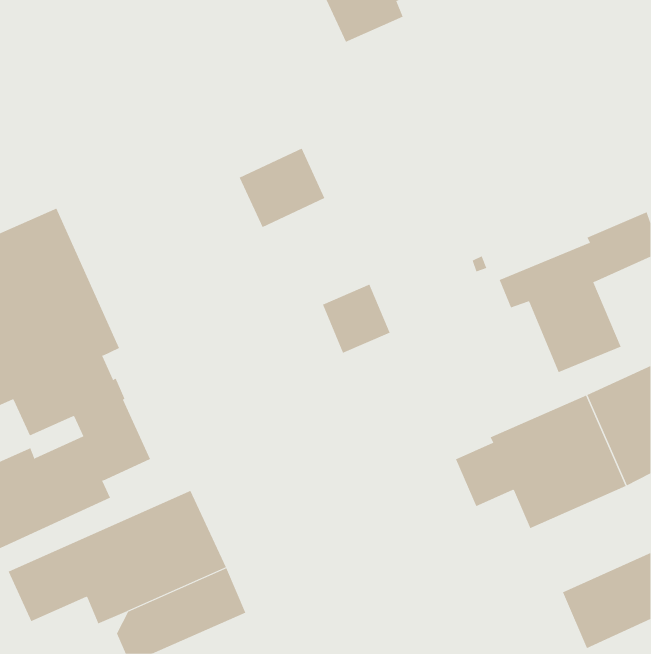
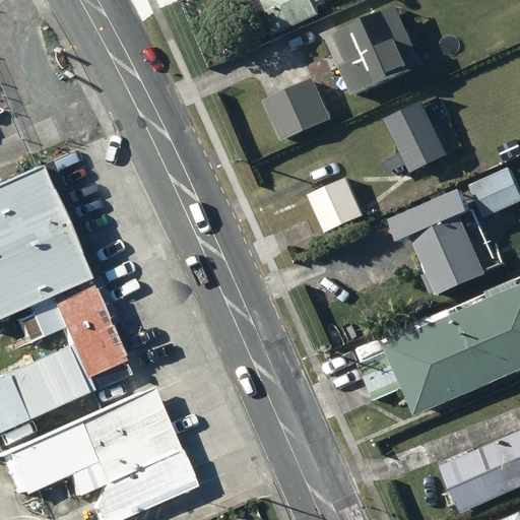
building: none -> [327,6,424,93]
building: none -> [381,95,460,173]
building: [239,148,325,228] -> [263,78,331,141]
building: [322,284,390,354] -> [308,176,362,231]

